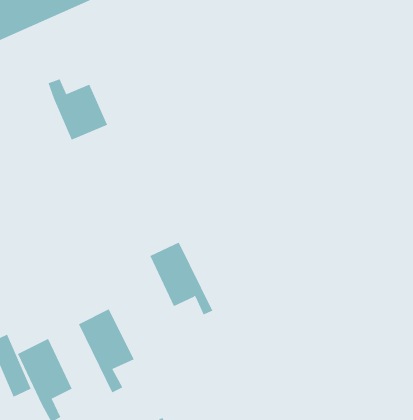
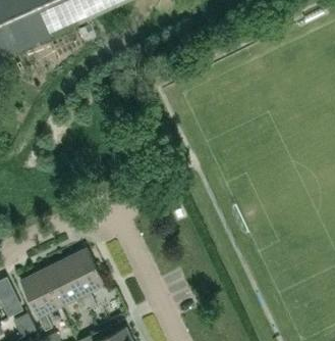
building: [48,79,108,140] -> none
building: [150,242,213,315] -> [43,259,89,312]

